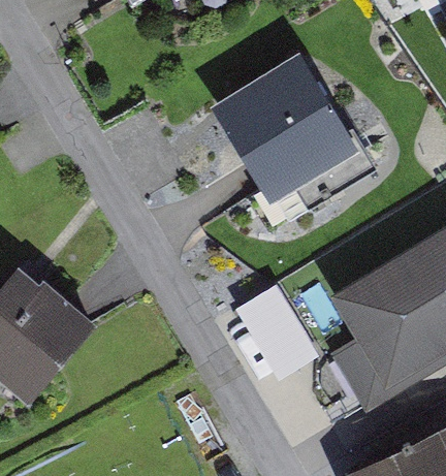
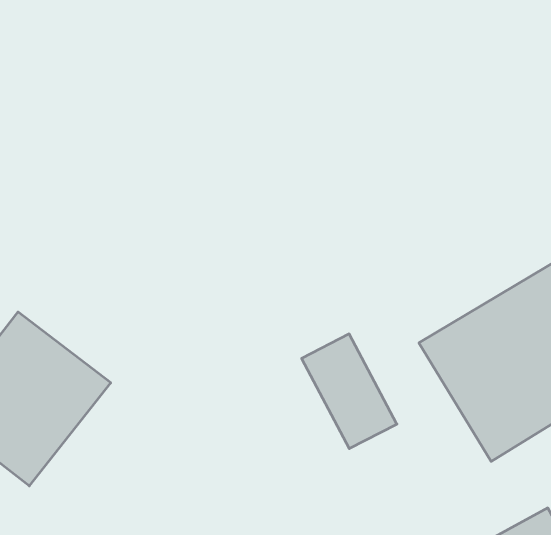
building: [233,65,363,207] -> none

